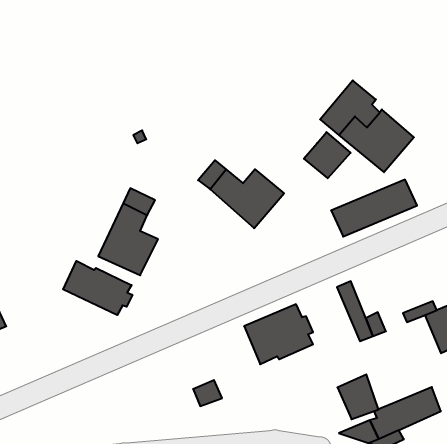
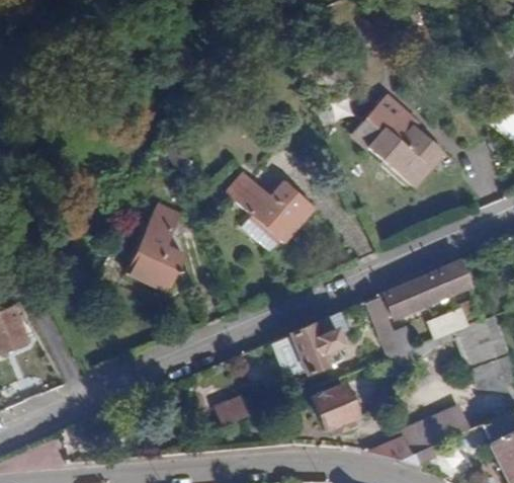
building: [304,132,351,178] -> none
building: [331,180,417,237] -> [387,261,474,319]
building: [63,261,132,315] -> none
building: [337,374,378,419] -> [314,383,355,428]

